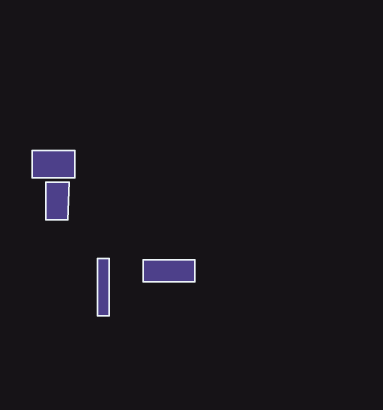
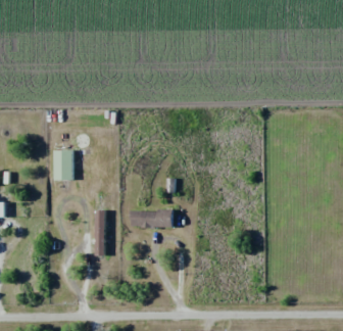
building: [32,151,75,178] -> none

